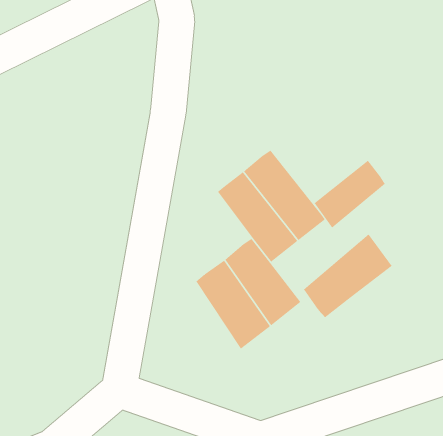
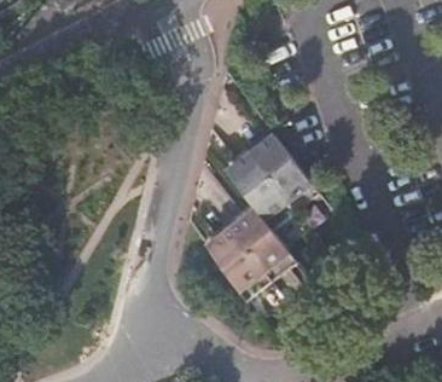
building: [314,160,386,228] -> none
building: [303,234,393,318] -> none

